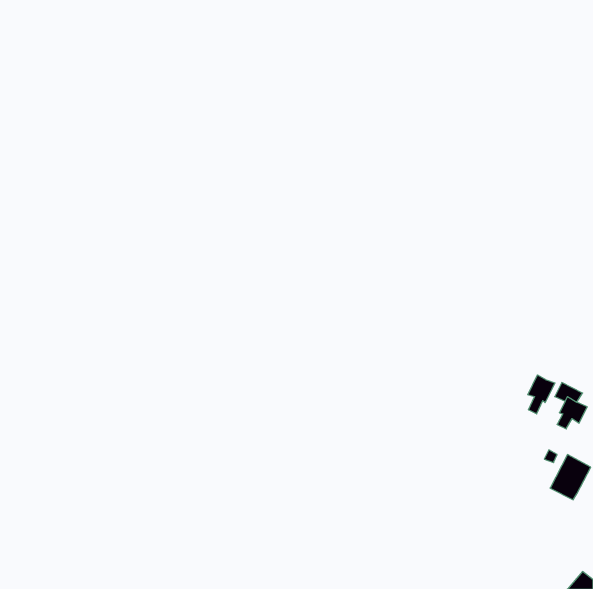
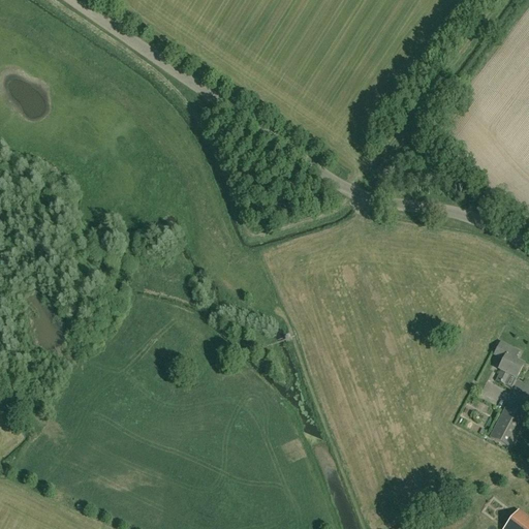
building: [528,375,555,414] -> none

